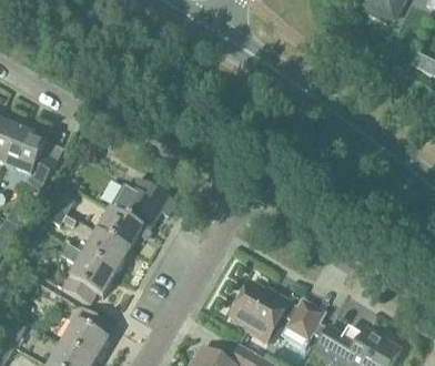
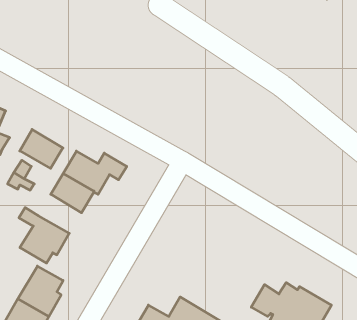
building: [82,228,129,271] -> [20,129,63,168]
building: [230,282,324,340] -> none

